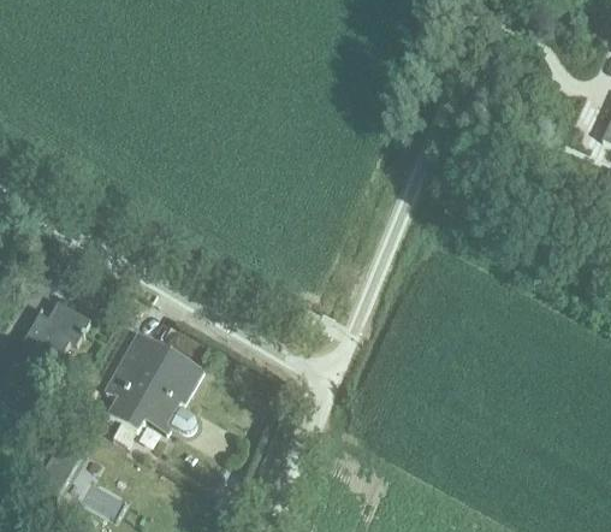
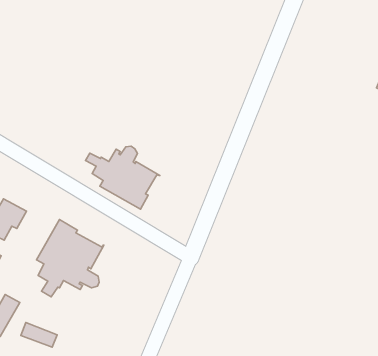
building: none -> [86,146,160,209]

